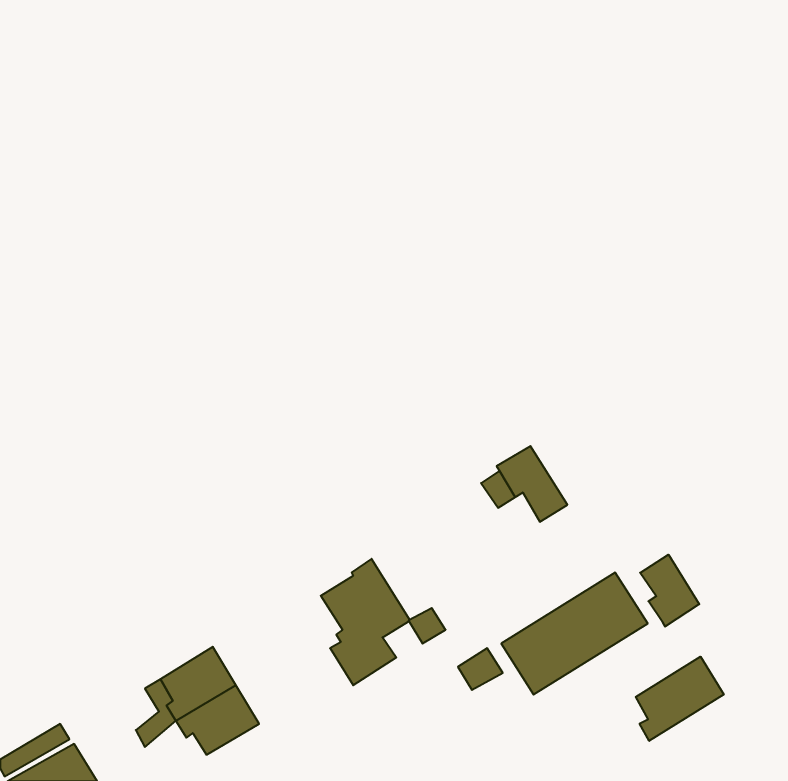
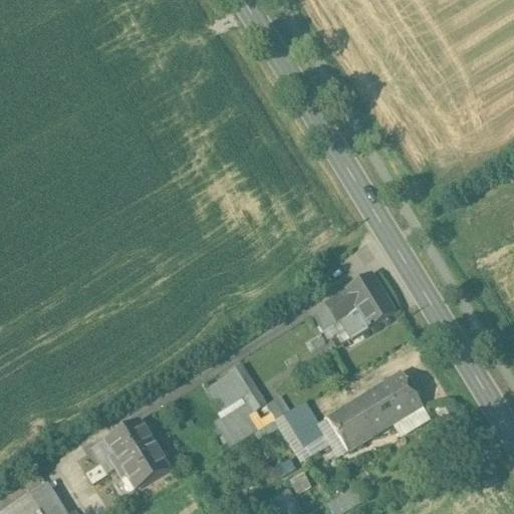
building: none -> [345,274,394,328]
building: [640,555,699,627] -> none
building: none -> [283,402,317,435]
building: [636,657,724,741] -> none

